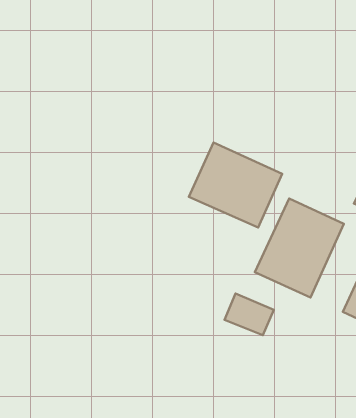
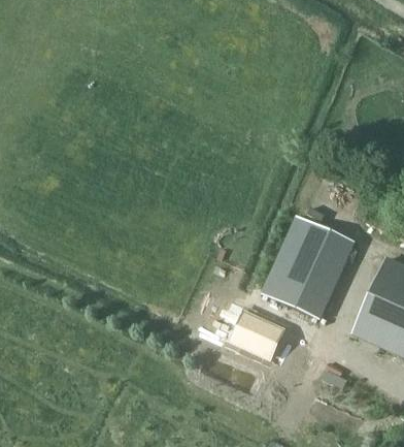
building: [189,142,282,228] -> none

